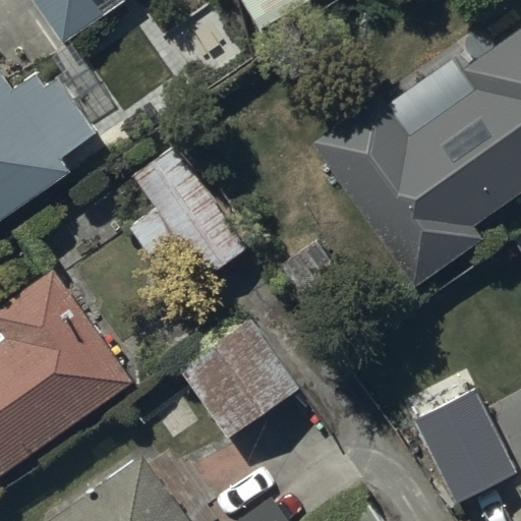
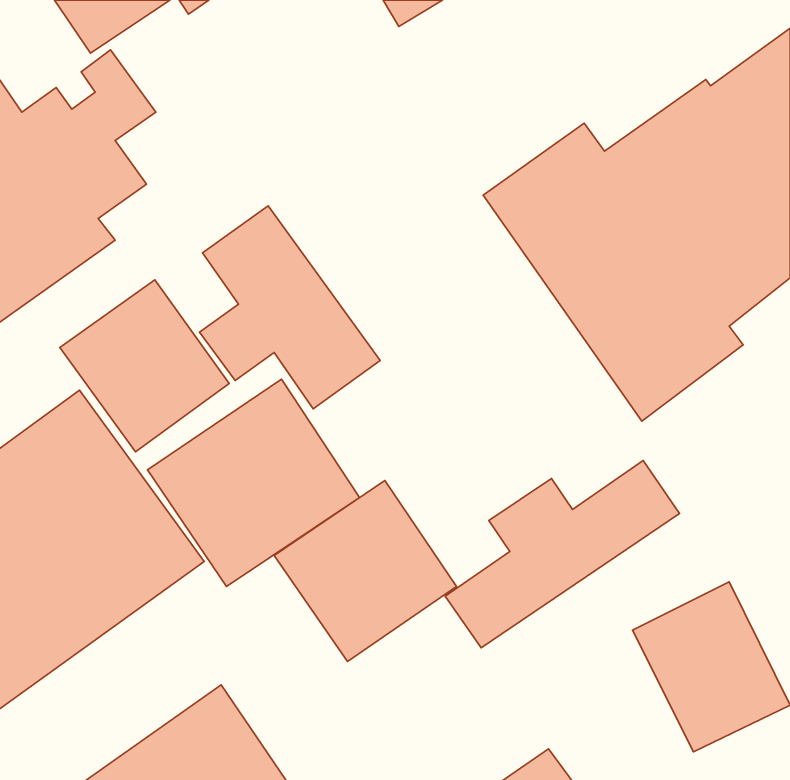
building: none -> [60,280,229,452]
building: none -> [148,379,360,587]
building: none -> [445,460,679,648]

